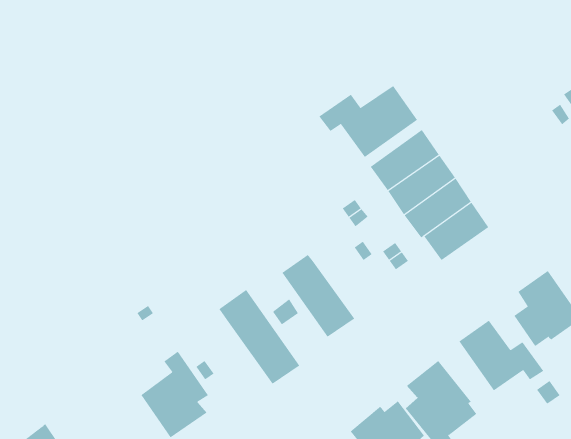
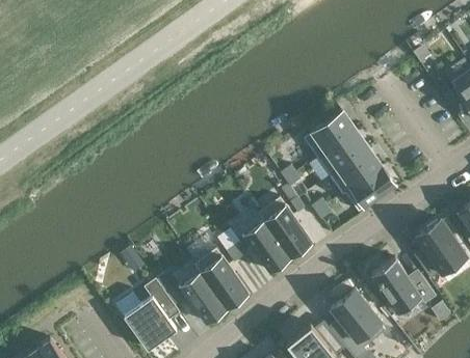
building: [318,85,418,158] -> none
building: none -> [259,198,312,257]
building: none -> [172,260,227,324]

